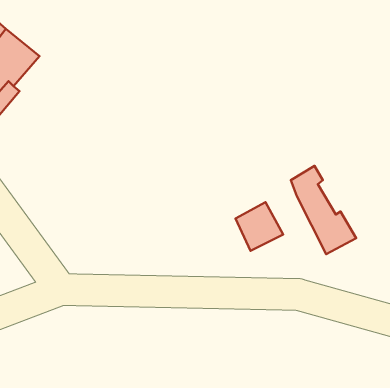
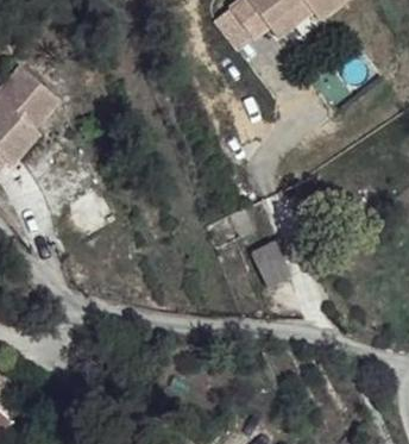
building: [291,166,356,254] -> none

